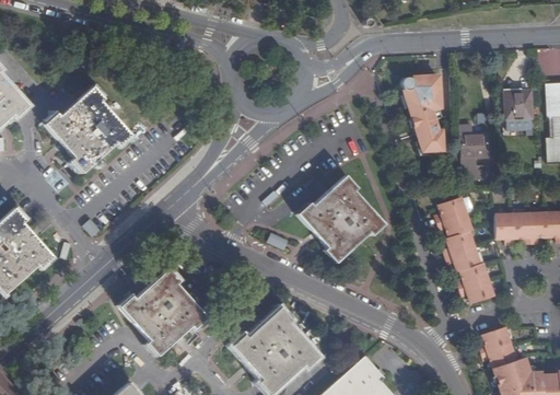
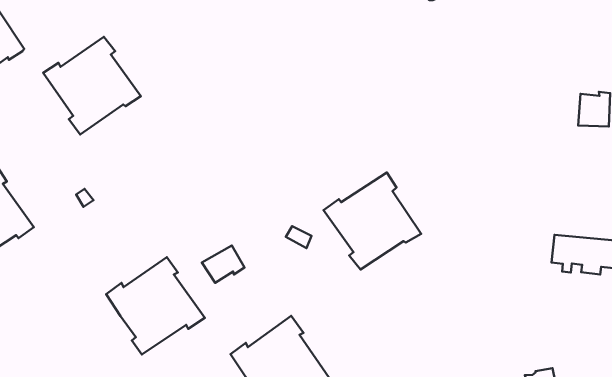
building: [399,74,443,150] -> none
building: [456,123,490,177] -> none
building: [435,196,494,302] -> none
building: none -> [202,246,244,283]

